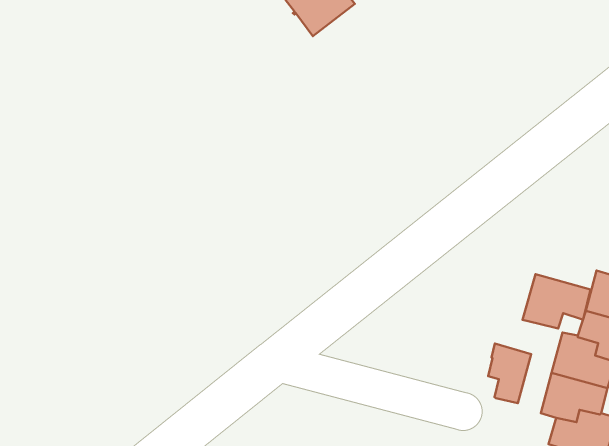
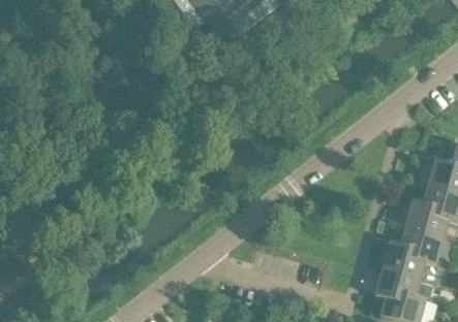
building: [523,274,591,329] -> none
building: [488,344,531,403] -> none

